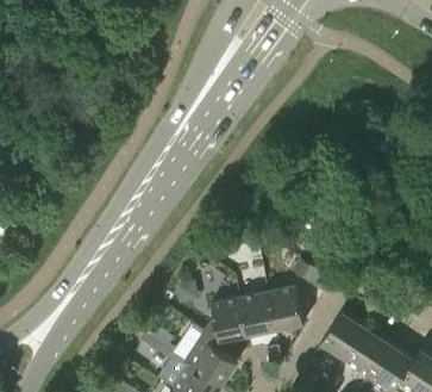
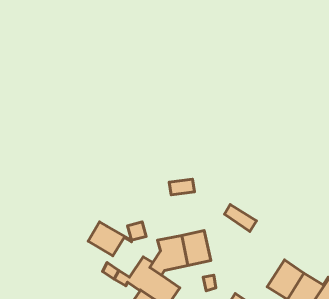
building: none -> [88,222,132,256]
building: [268,286,305,329] -> none
building: [320,312,367,361] -> none

